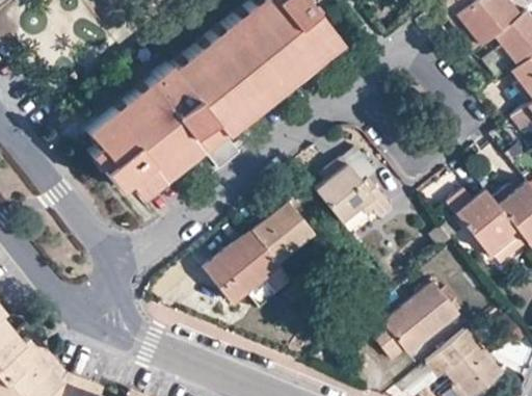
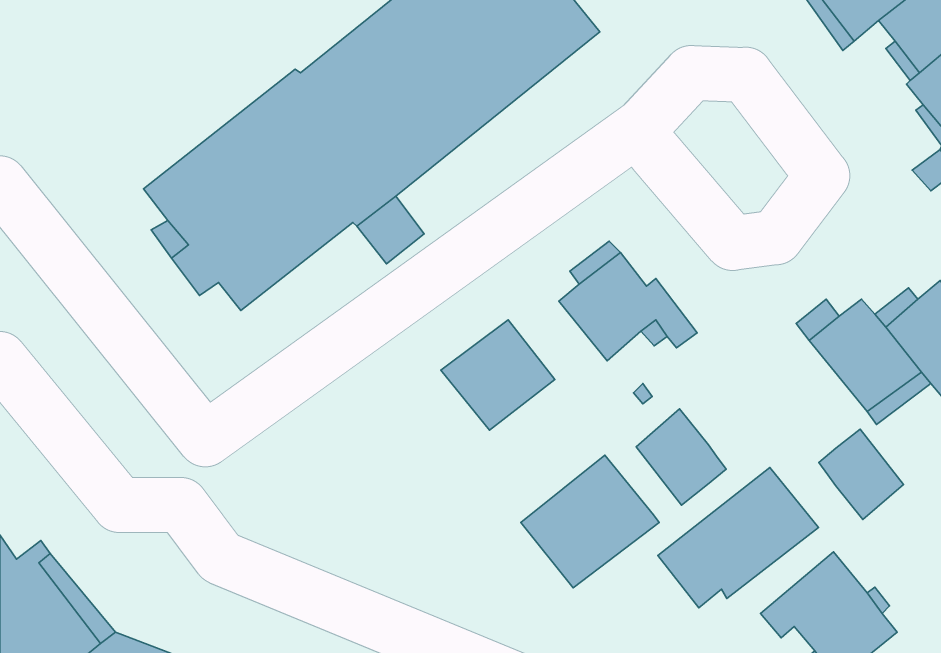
building: [206,230,283,303] -> [521,455,659,588]
building: none -> [636,409,726,505]
building: none -> [819,429,903,520]

